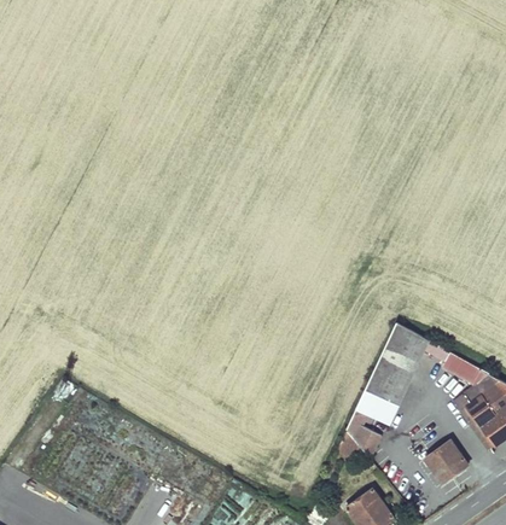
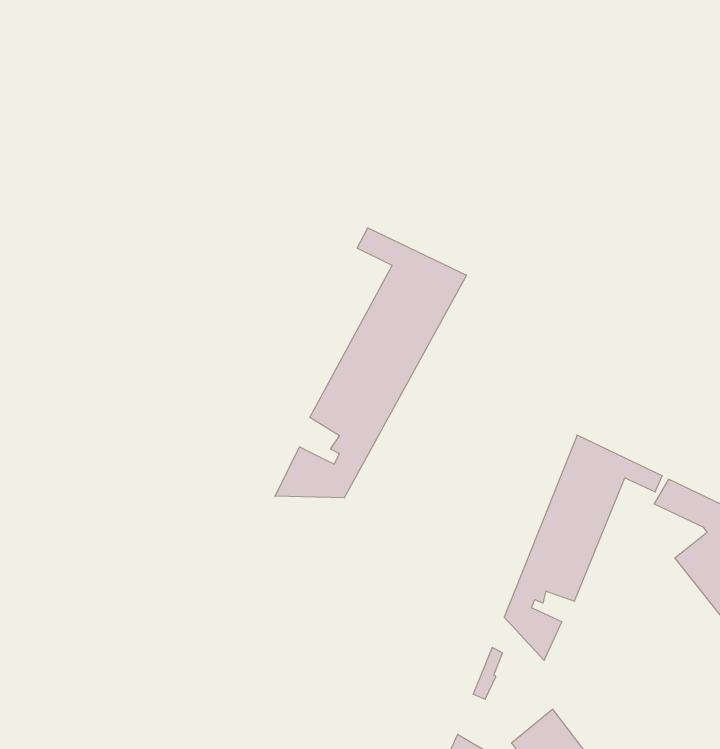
building: none -> [275,228,467,498]
building: [425,441,469,483] -> none

